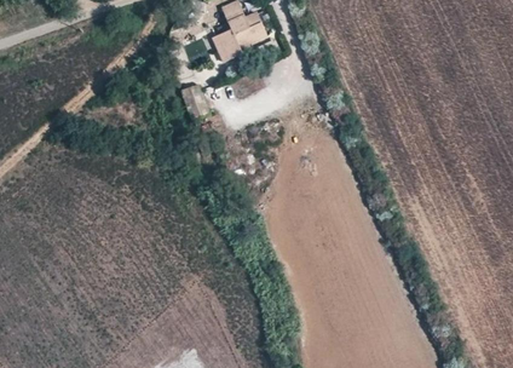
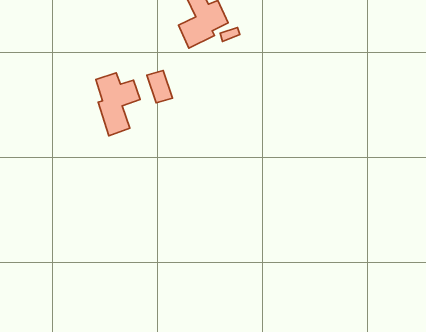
building: none -> [96,73,140,136]

